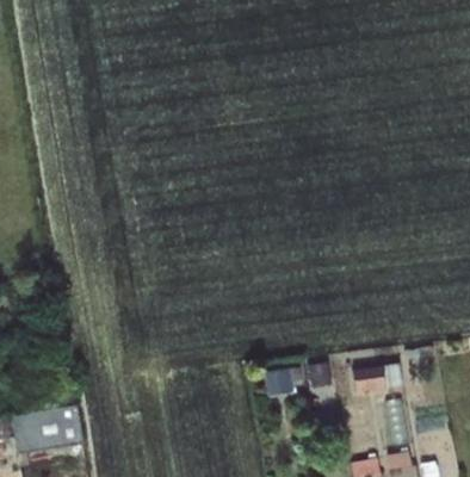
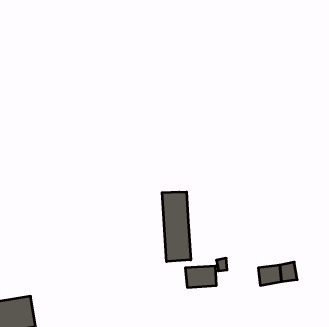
building: none -> [162,192,191,262]

